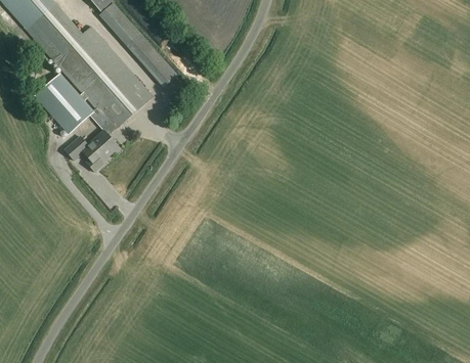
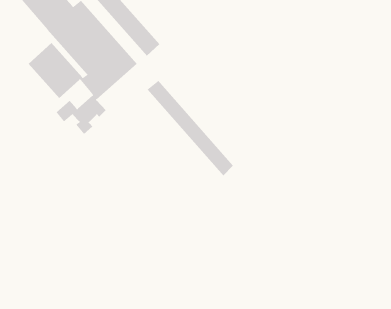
building: none -> [147,80,234,177]

